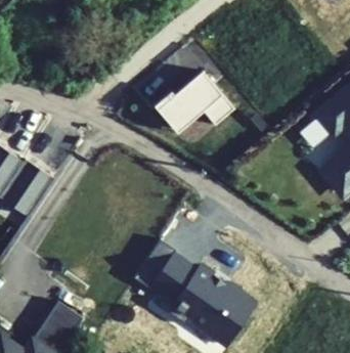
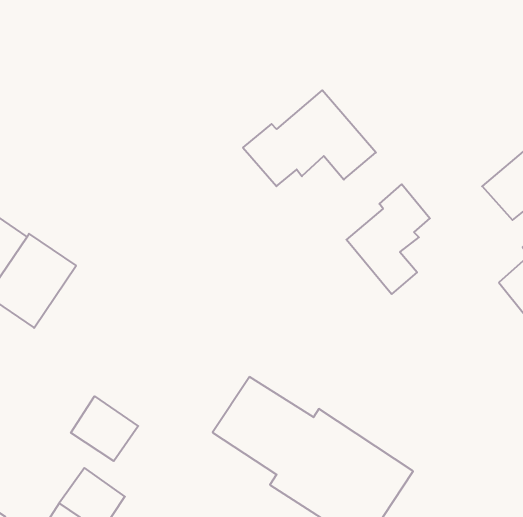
building: none -> [346,184,430,294]
building: none -> [71,396,138,461]

